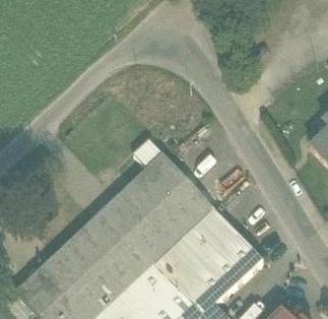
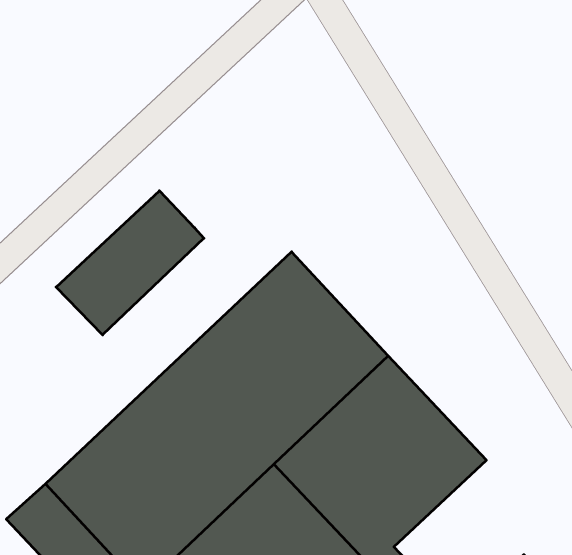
building: none -> [56,191,204,335]

